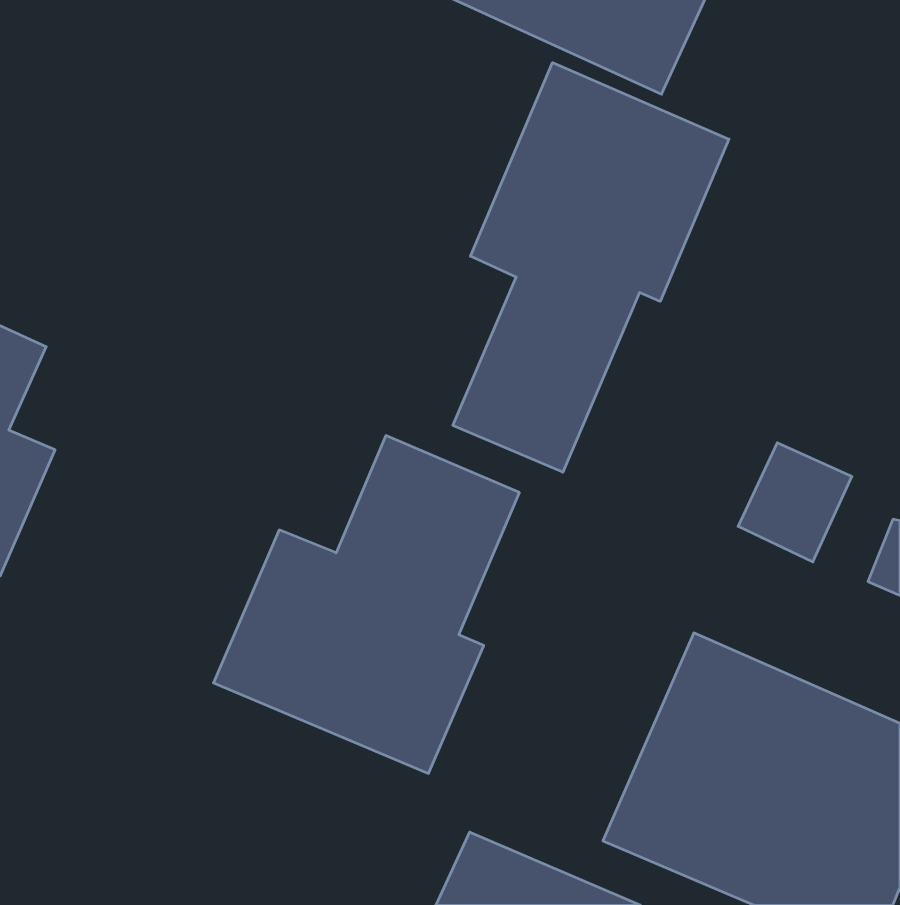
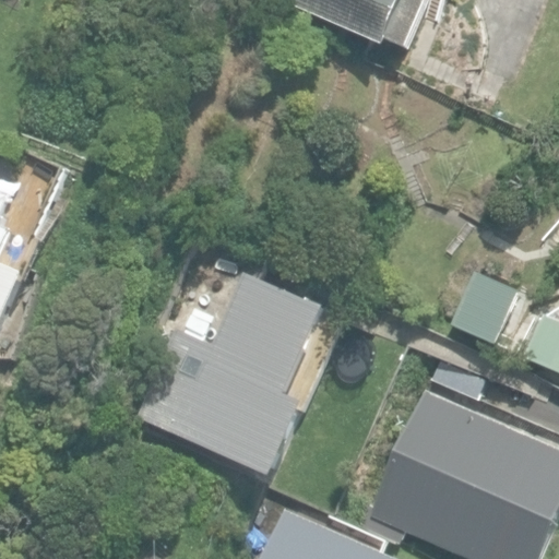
building: [453,63,729,472] -> none

